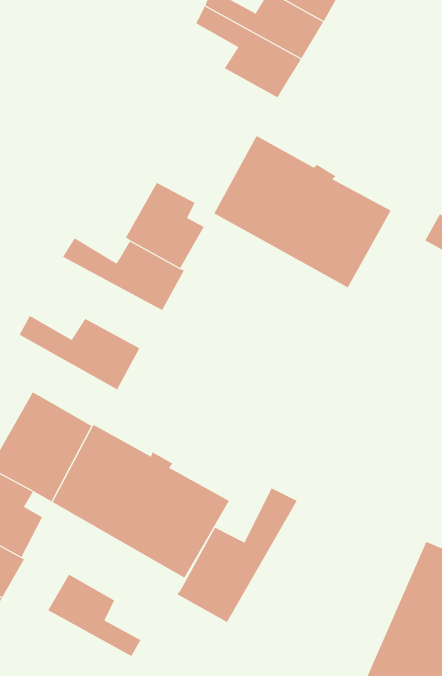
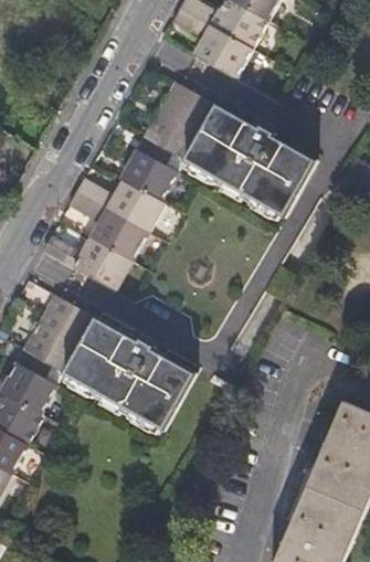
building: none -> [144,82,216,161]
building: none -> [66,193,148,261]
building: [176,488,297,623] -> none
building: [47,574,141,657] -> none

